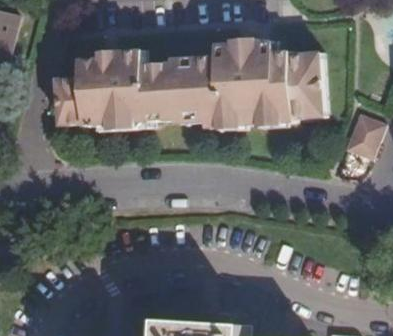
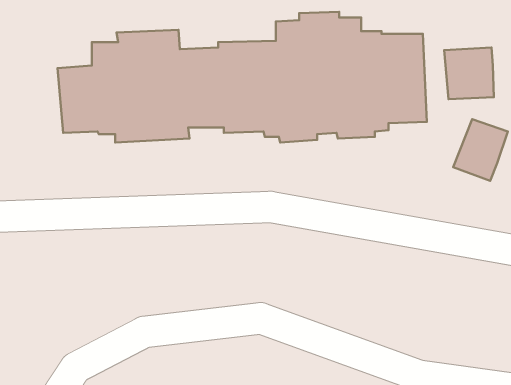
building: none -> [444,47,494,99]

